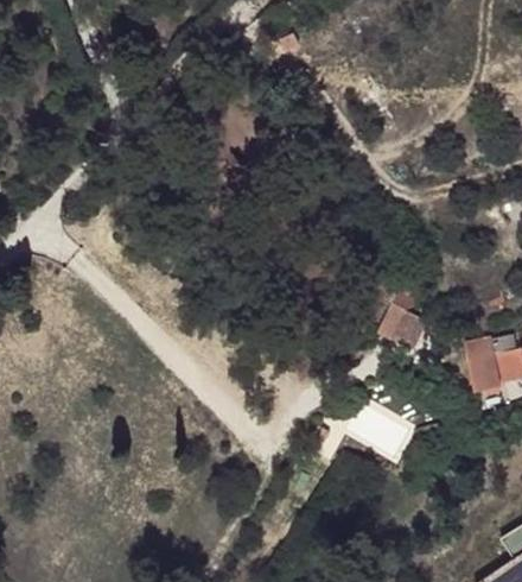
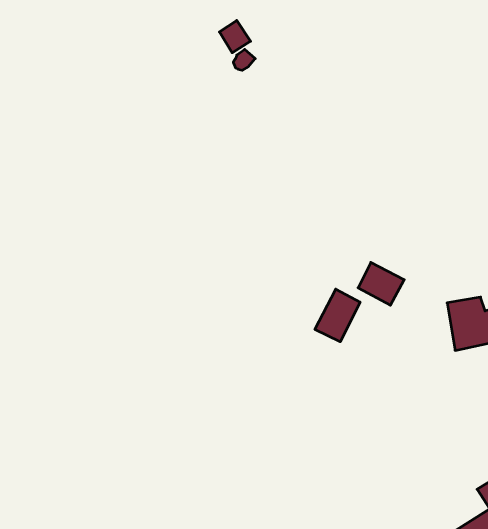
building: none -> [315,289,360,342]

